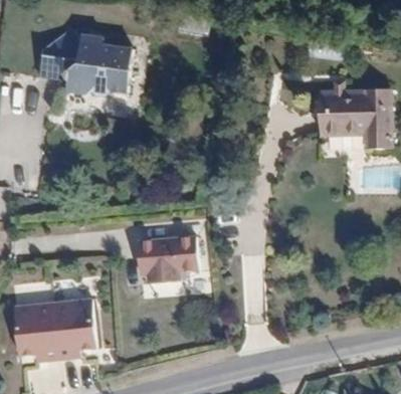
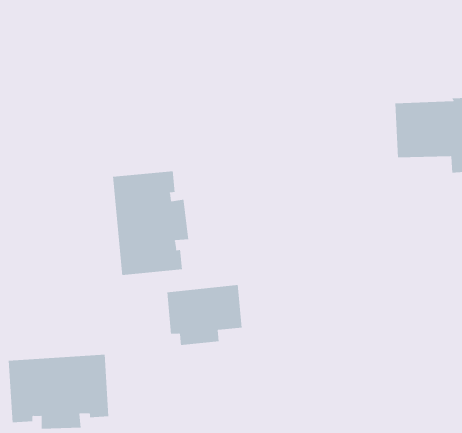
building: [38,28,134,97] -> none
building: none -> [113,170,189,276]

